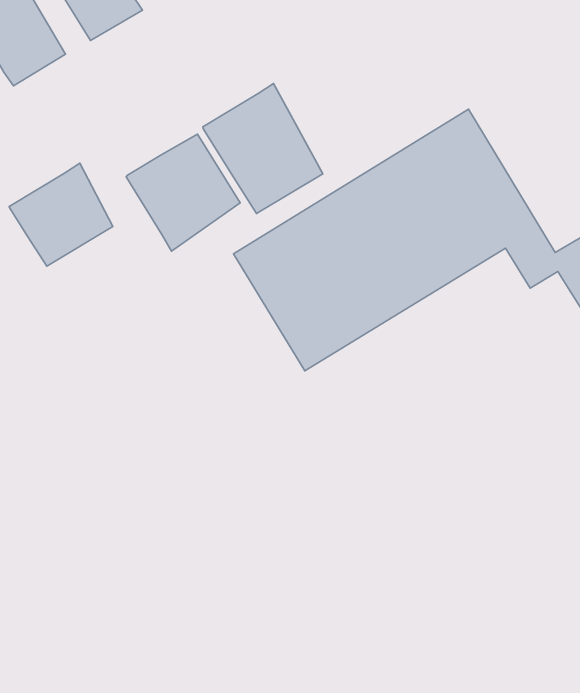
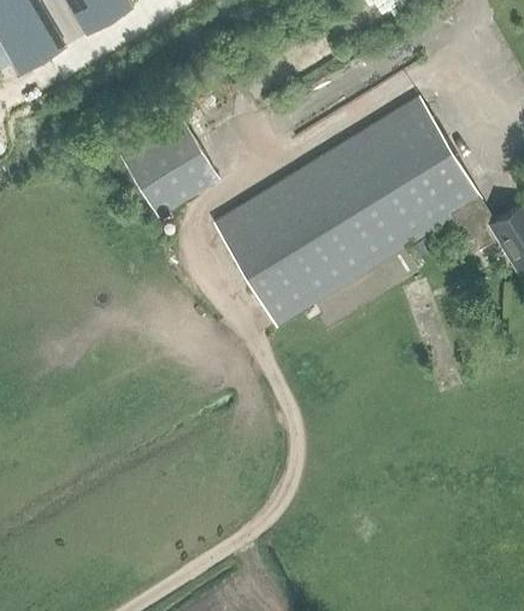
building: [203,83,323,214] -> none
building: [9,163,113,266] -> none

